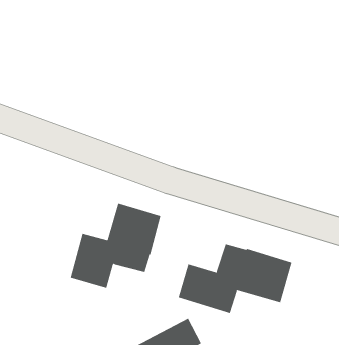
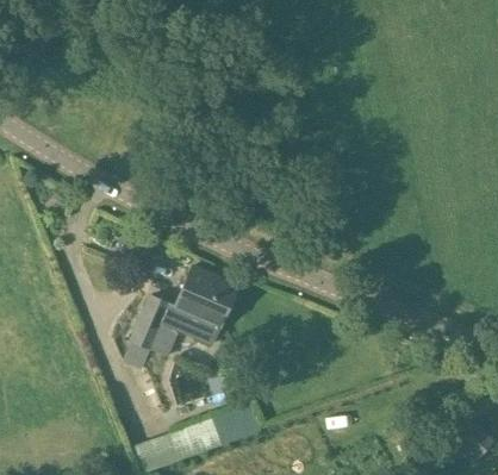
building: [178,244,292,314] -> none

